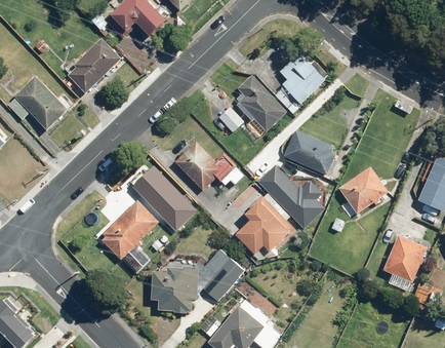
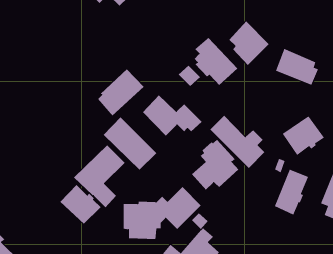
building: [68,37,123,93] -> [97,69,144,117]
building: [13,74,73,128] -> none
building: [281,130,332,175] -> [275,48,319,86]
building: none -> [274,169,309,215]
building: none -> [60,184,101,225]

